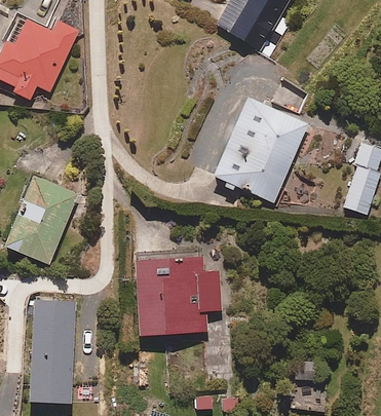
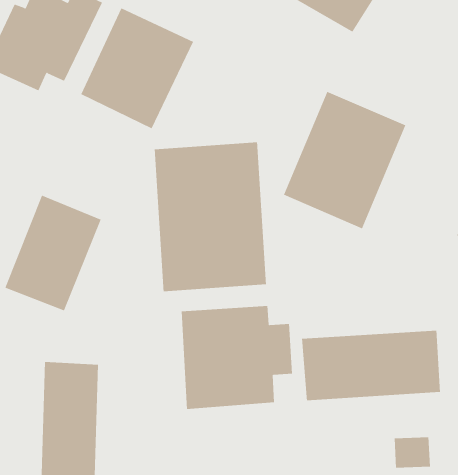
building: none -> [80,8,194,129]
building: none -> [154,141,267,292]
building: none -> [302,330,440,401]

